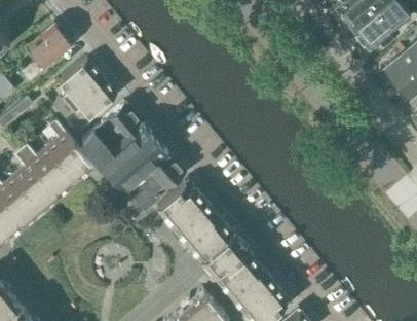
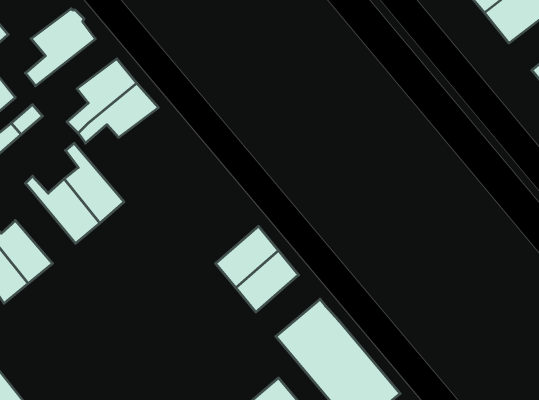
building: [82,104,185,212] -> none
building: [14,150,58,208] -> none
building: [187,216,233,260] -> none

